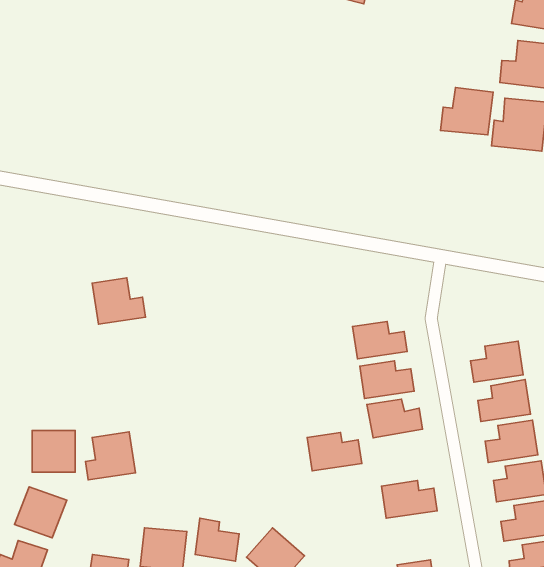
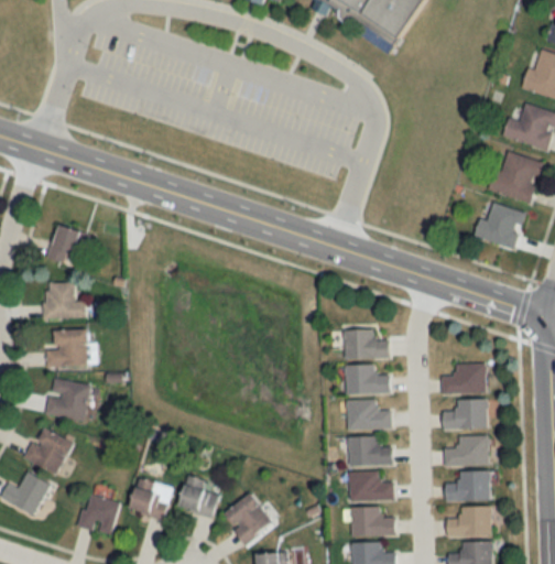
building: [440,88,493,135] -> [474,203,524,248]
building: none -> [52,229,88,263]
building: [92,278,145,324] -> [43,282,85,318]
building: [85,432,135,480] -> [45,329,87,366]
building: [307,432,362,471] -> [348,435,392,465]
building: none -> [350,506,394,535]

